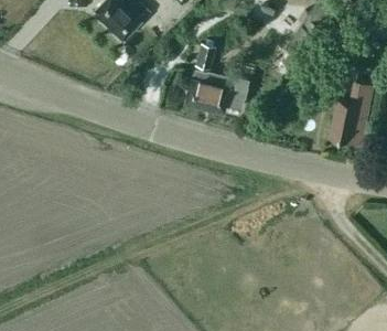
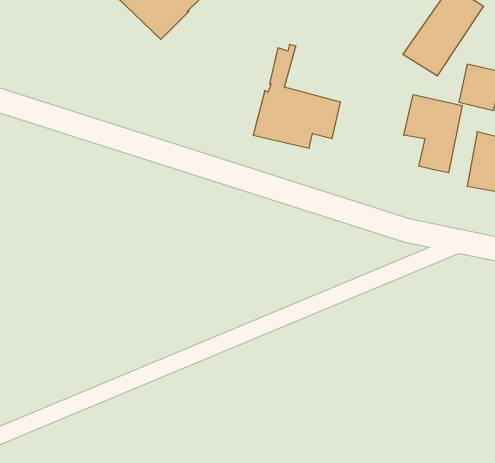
building: none -> [404,95,462,173]

